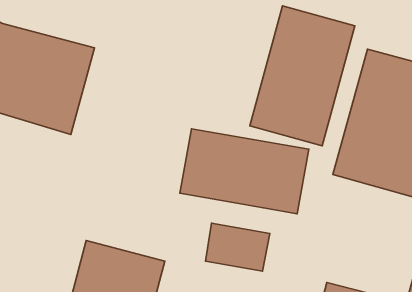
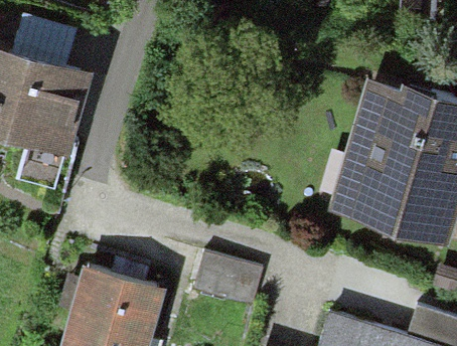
building: [250,6,355,146] -> none
building: [180,129,309,214] -> none

